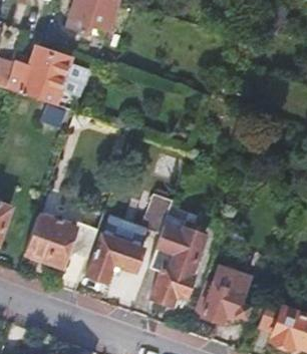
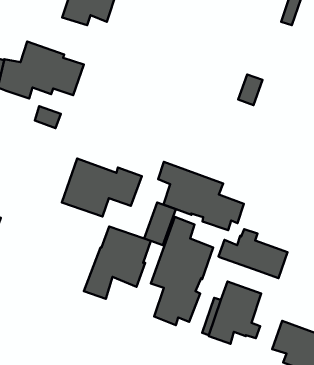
building: none -> [158,162,244,230]
building: [25,215,98,268] -> [62,159,142,217]
building: none -> [219,229,287,278]

